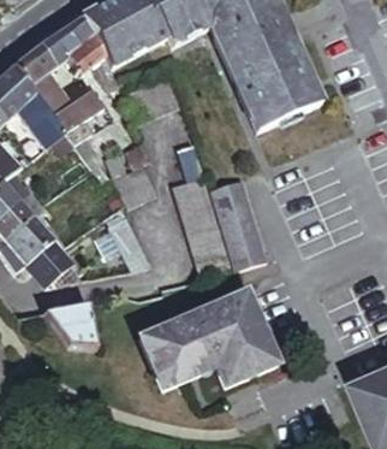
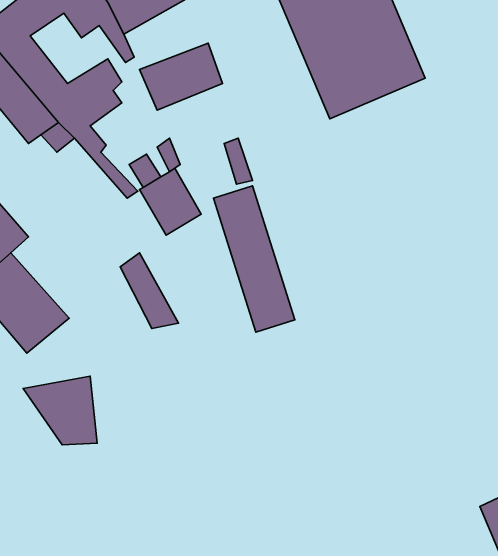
building: [210,176,268,268] -> none
building: [141,290,279,390] -> none

